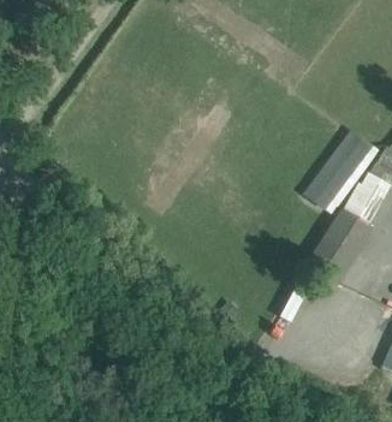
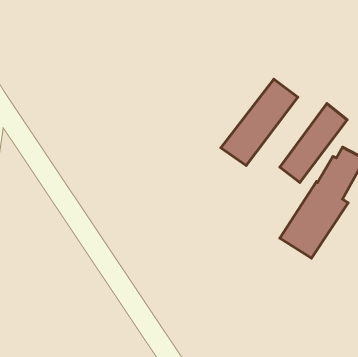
building: none -> [221,79,298,166]

